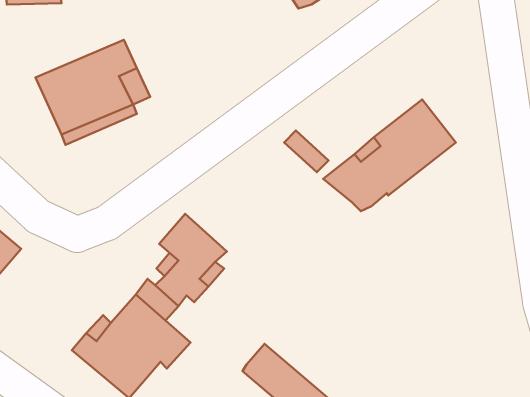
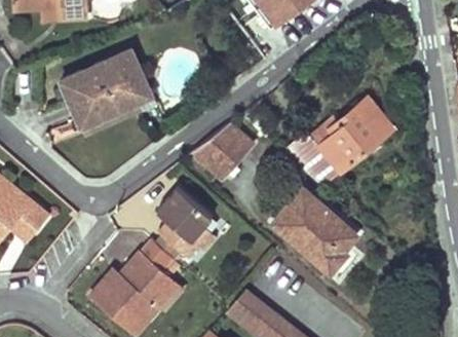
building: none -> [192,123,251,178]
building: none -> [273,189,355,272]

